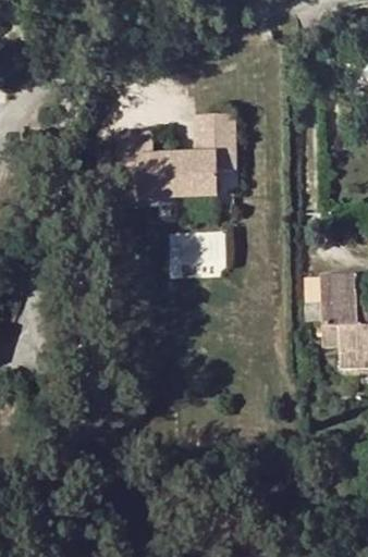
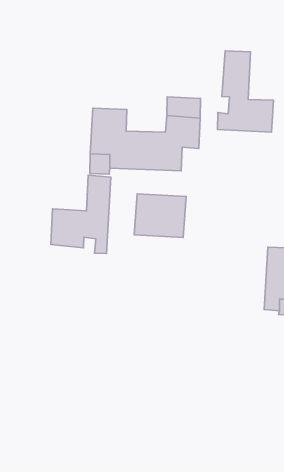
building: none -> [217,51,273,132]
building: none -> [51,175,111,253]

